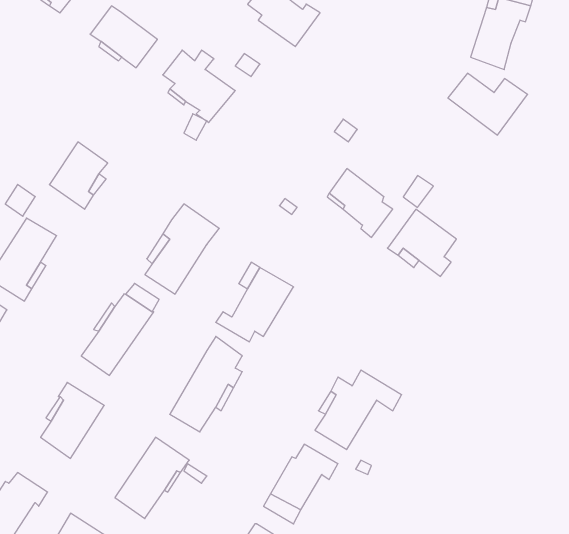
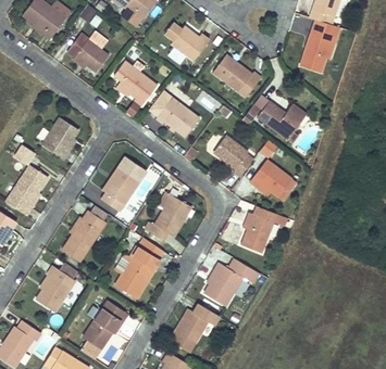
building: none -> [213,54,252,91]
building: [448,73,528,135] -> [258,102,307,140]
building: none -> [155,98,199,137]
building: none -> [241,206,288,253]

